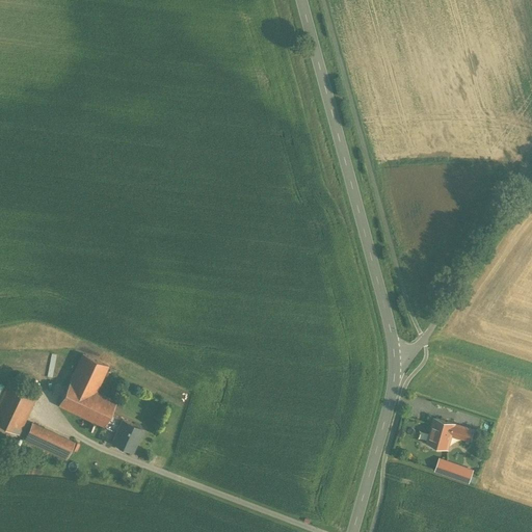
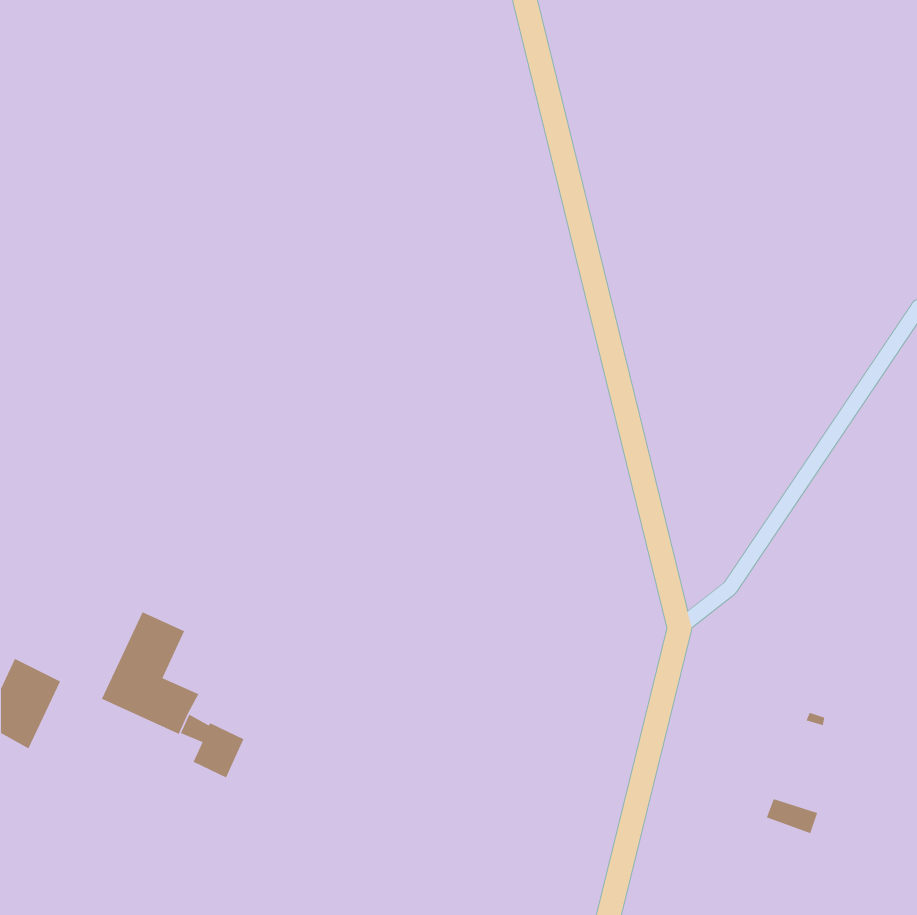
building: [429,420,474,450] -> none
building: [24,424,74,460] -> none

